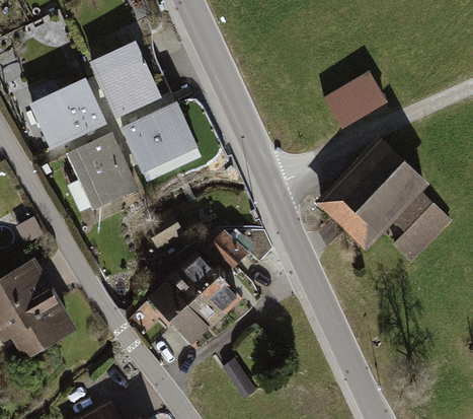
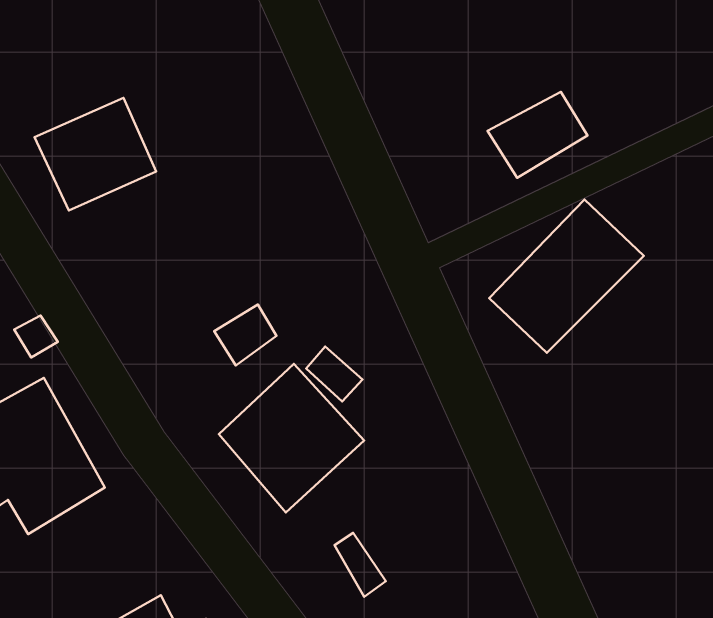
building: [89,40,161,119] -> none
building: [119,99,201,184] -> none
building: [64,131,138,209] -> none
building: [392,193,450,262] -> none

